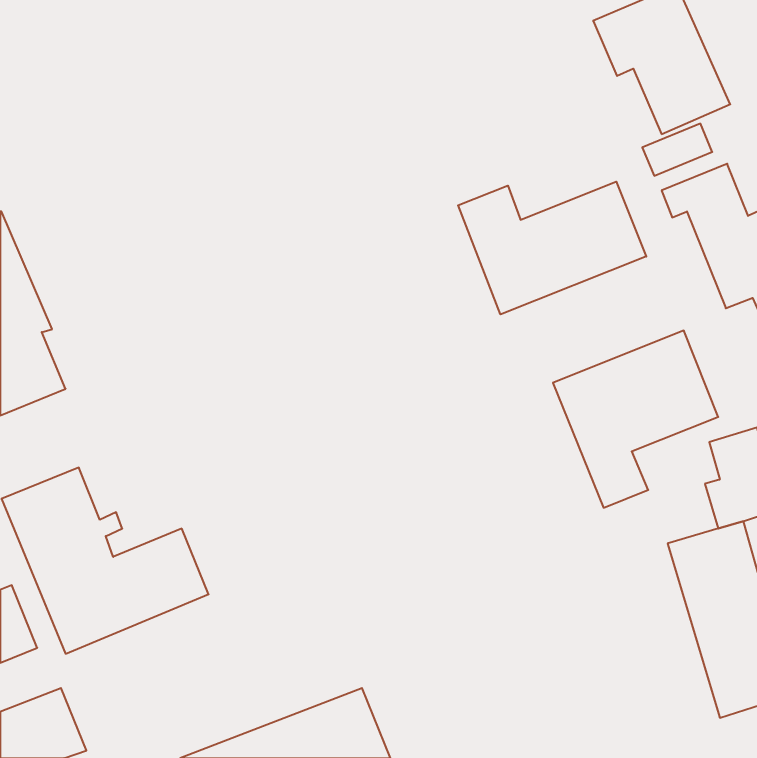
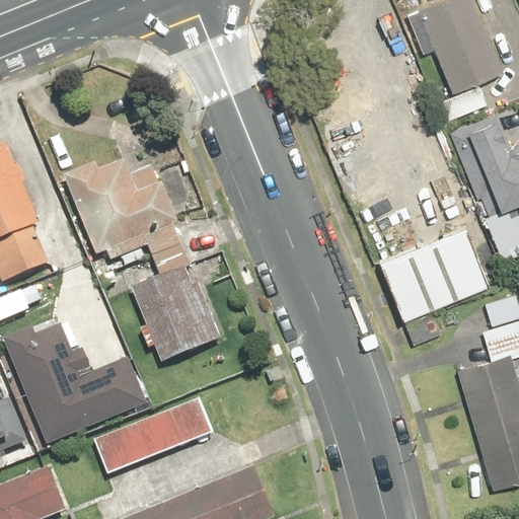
building: [458,182,646,314] -> none
building: none -> [61,160,221,361]
building: none -> [93,399,212,475]

